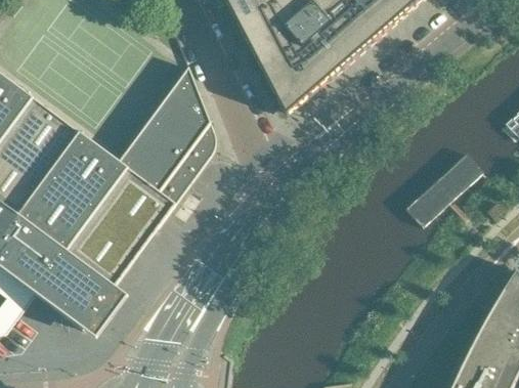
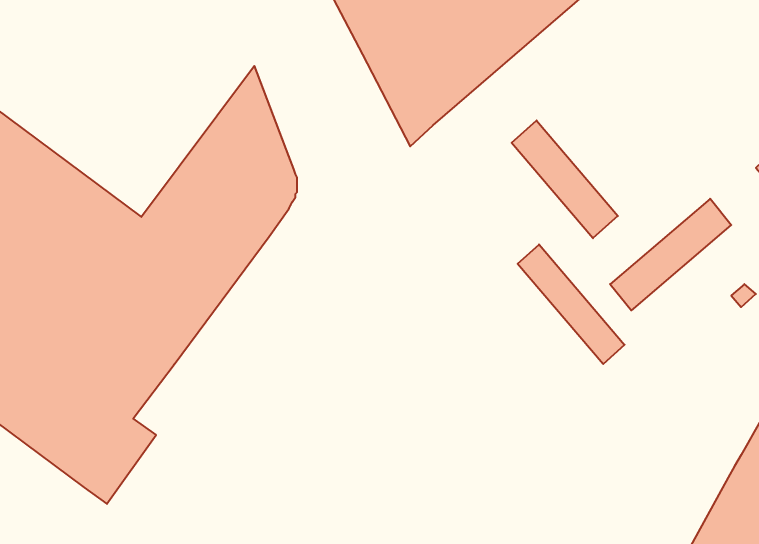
building: none -> [512,120,618,238]
building: none -> [518,244,625,364]

